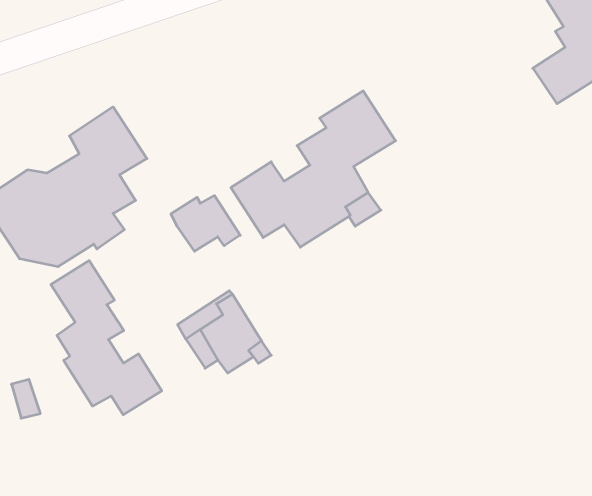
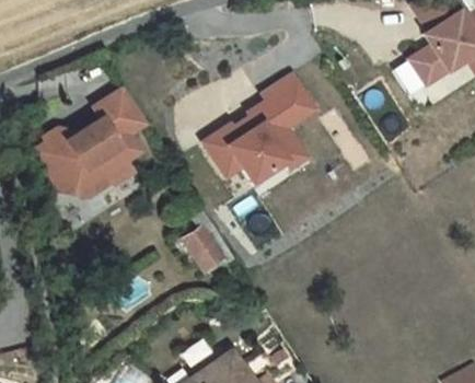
building: [171,196,240,251] -> none
building: [51,261,162,415] -> none

